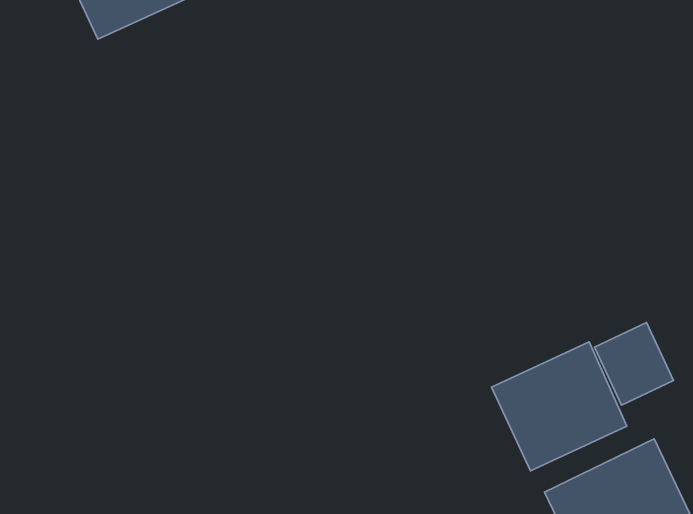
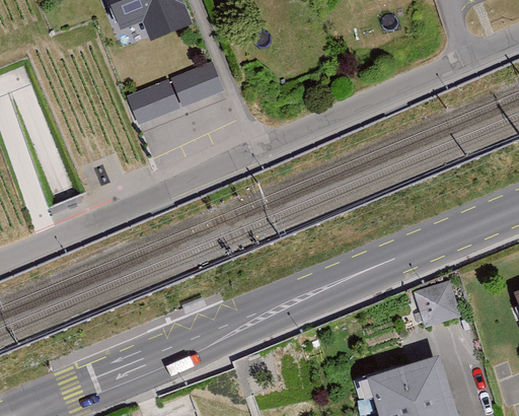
building: none -> [125,59,224,121]
building: [491,342,627,471] -> none

